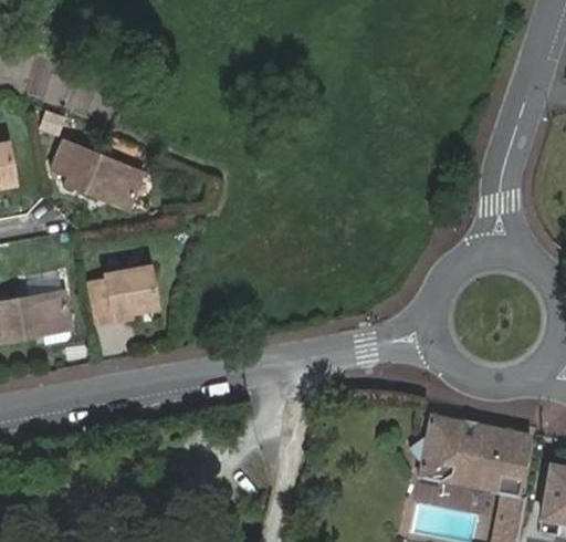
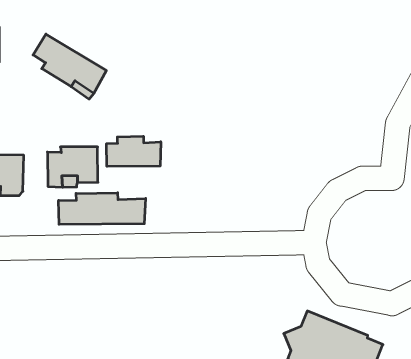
building: none -> [107,136,161,166]
building: none -> [59,193,146,224]

